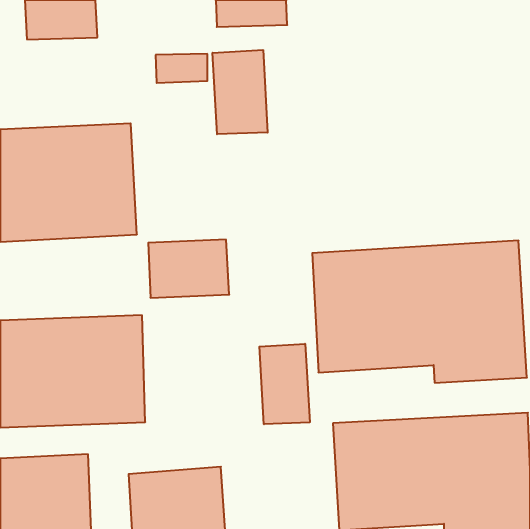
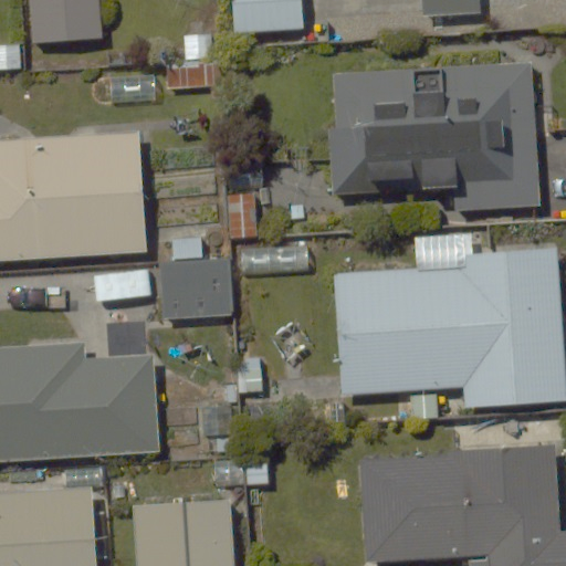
building: [213,50,268,134] -> none
building: none -> [331,63,535,196]
building: [259,344,310,424] -> none

